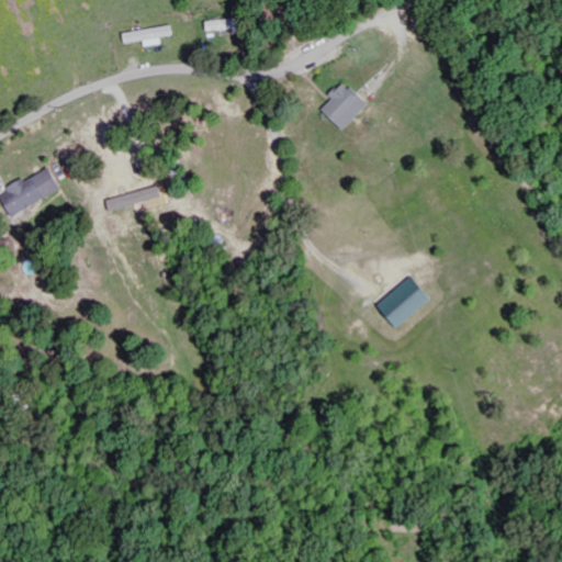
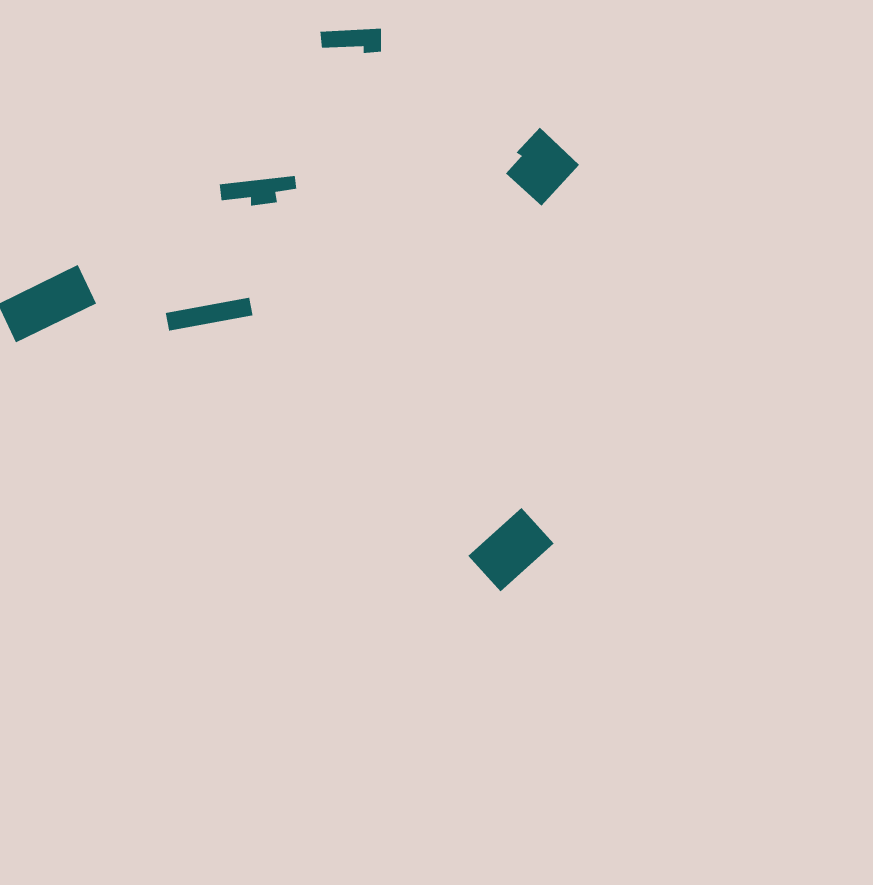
building: [121,26,170,46] -> [219,175,297,206]
building: [375,276,430,329] -> [468,507,554,592]

